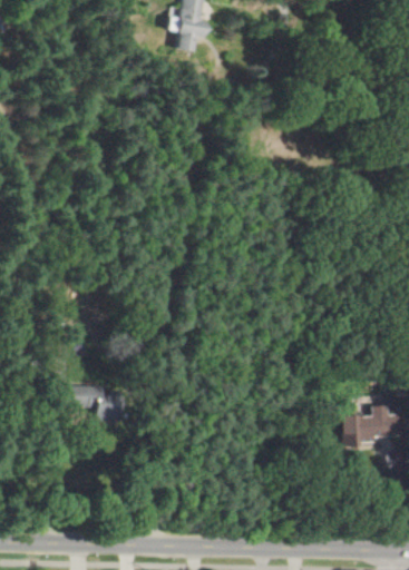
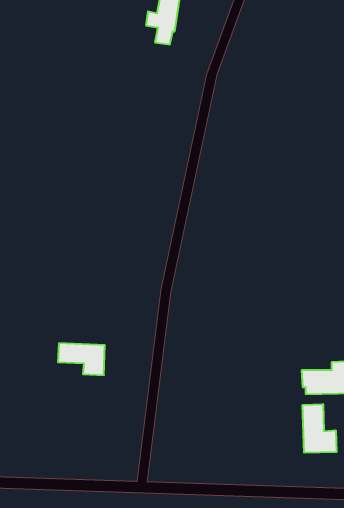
building: none -> [303,404,337,453]

